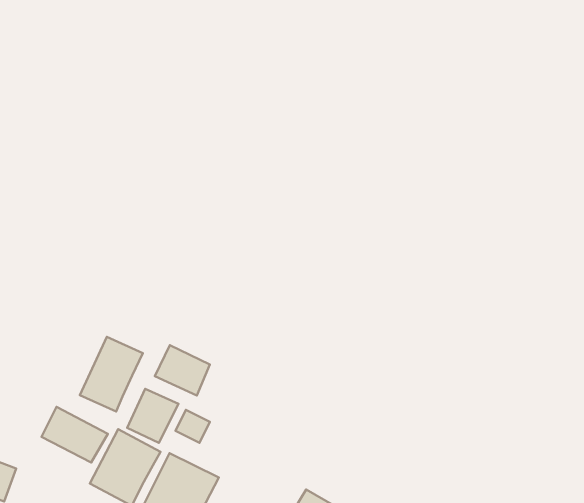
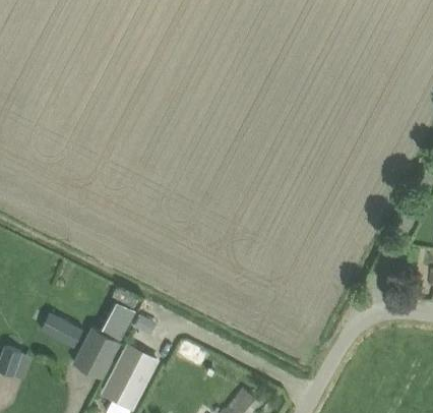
building: [80,337,143,411] -> none
building: [155,345,210,396] -> none

